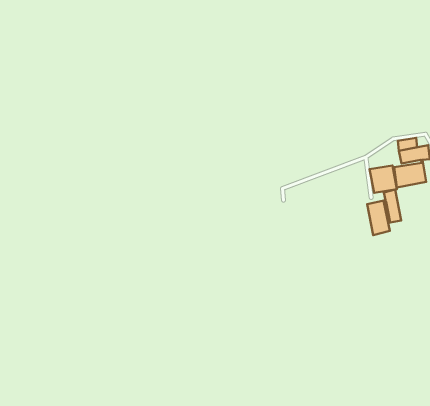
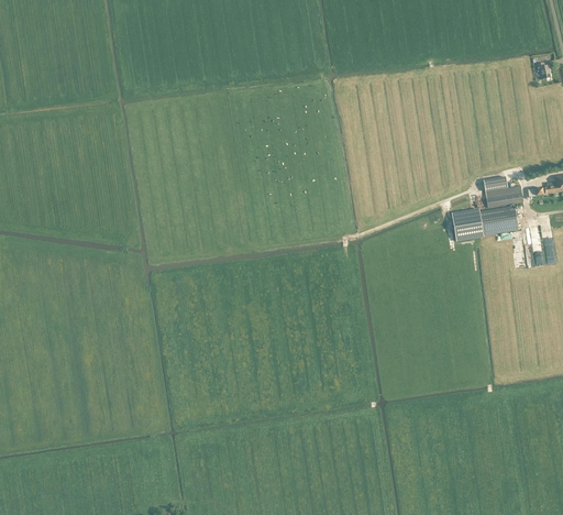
building: [367,190,401,235] -> none

